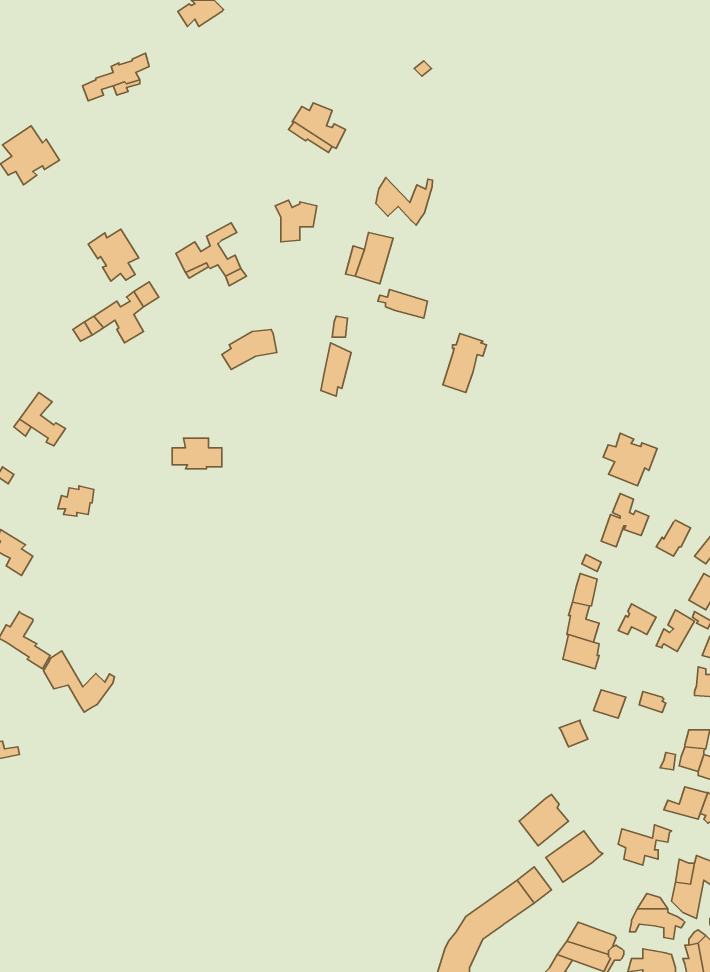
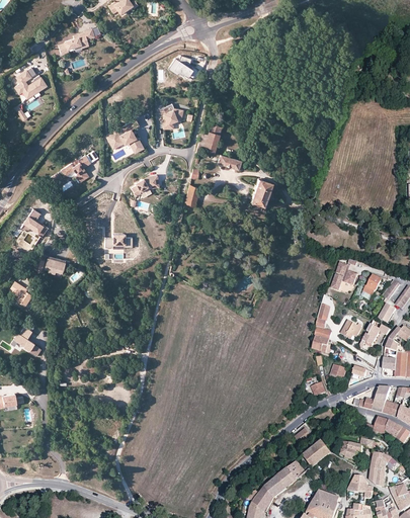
building: [376,178,432,225] -> none
building: [88,229,139,281] -> none
building: [603,433,657,486] -> none
building: [43,651,115,712] -> none

